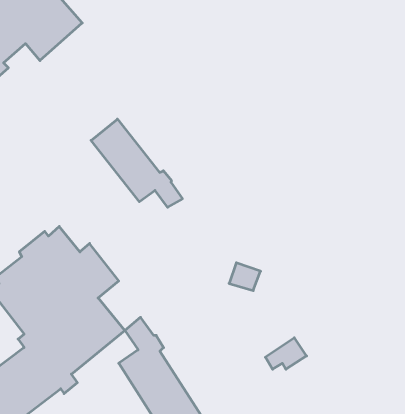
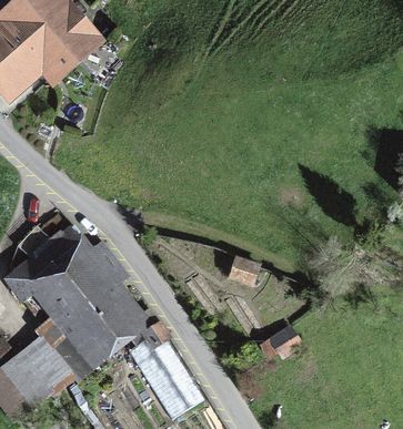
building: [91,119,182,207] -> none

